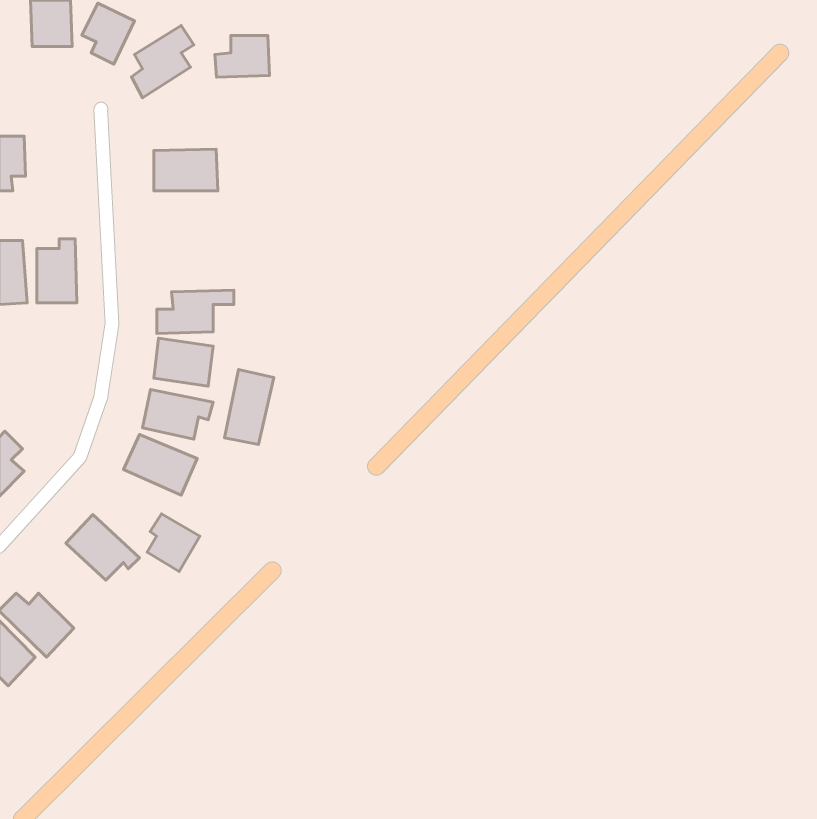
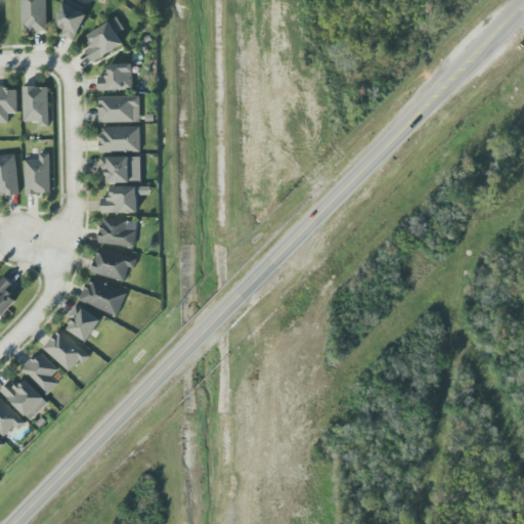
building: [215,35,269,77] -> [97,63,132,90]
building: none -> [21,86,48,126]
building: none -> [99,126,140,151]
building: none -> [98,156,140,182]
building: [224,370,274,445] -> none
building: [147,514,200,572] -> [66,304,99,341]
building: none -> [21,351,58,394]

